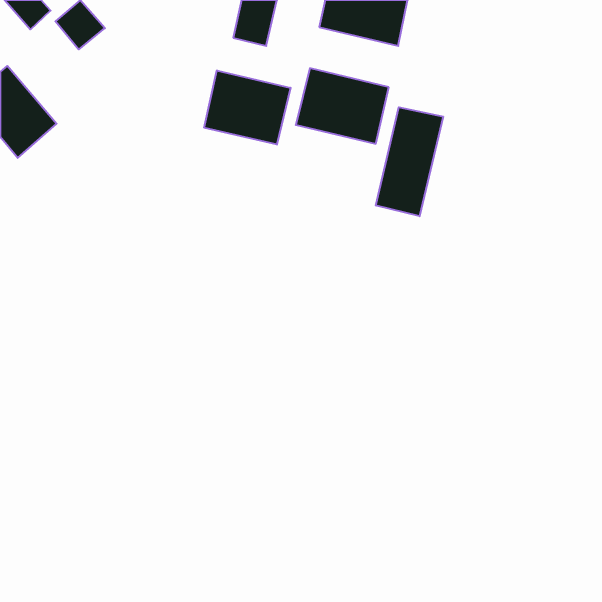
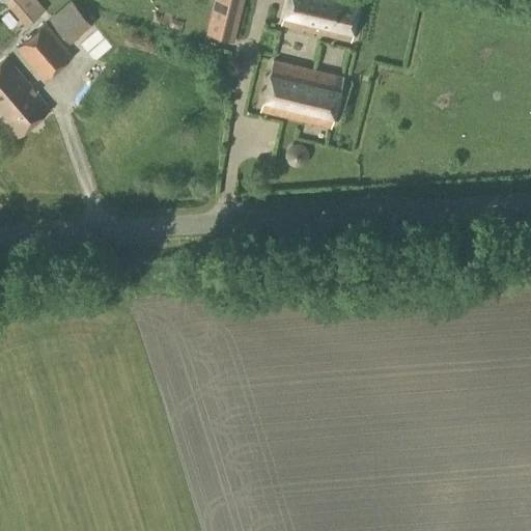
building: none -> [17,23,73,80]
building: [204,70,291,145] -> none
building: [376,107,443,216] -> none

